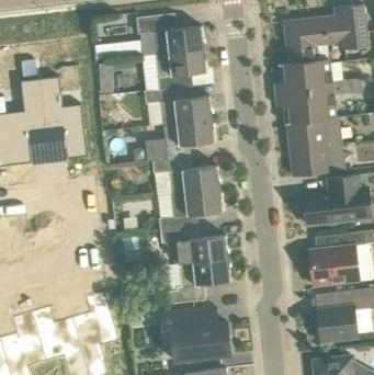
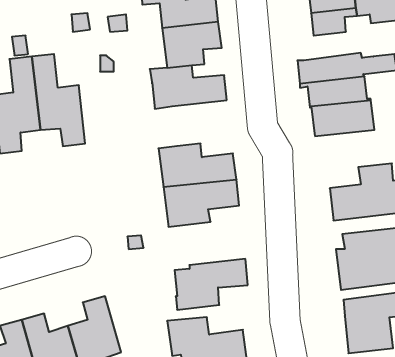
building: [277,57,341,82] -> none
building: [145,117,215,160] -> none
building: [290,144,345,175] -> none
building: [160,225,228,263] -> none

